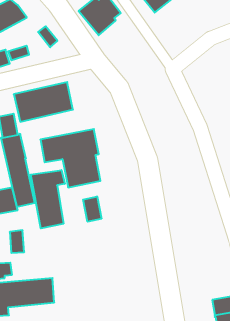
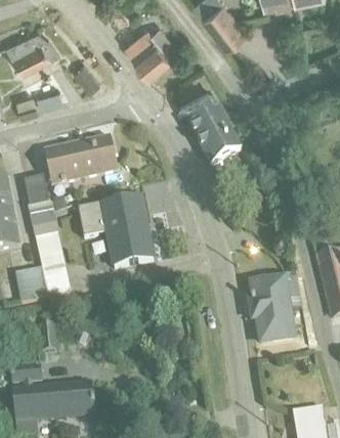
building: none -> [178,87,241,164]
building: [31,170,65,228] -> none
building: none -> [249,275,301,341]
building: [83,196,101,222] -> none

